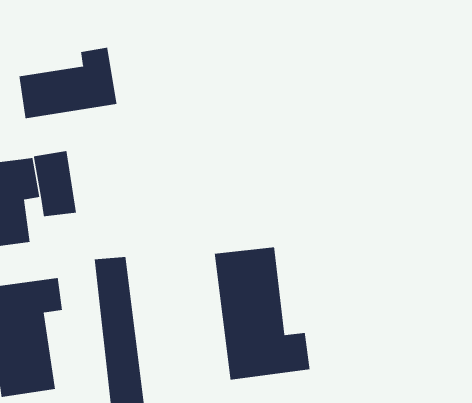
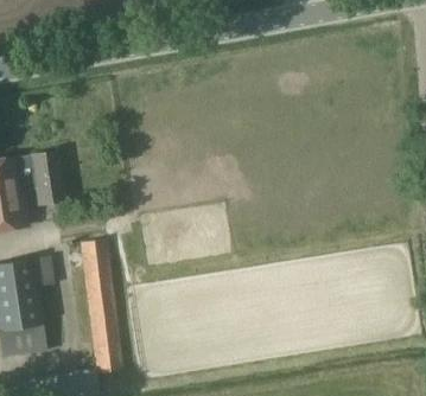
building: [19,47,117,119] -> none
building: [214,246,310,380] -> none

